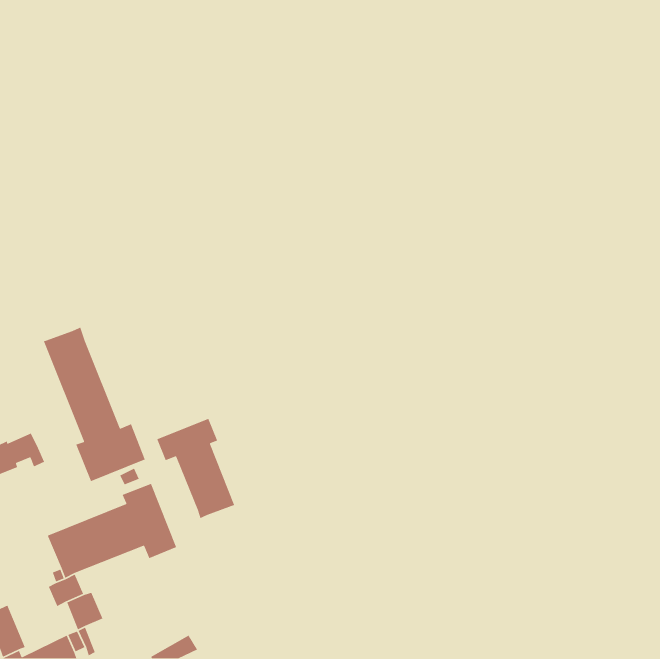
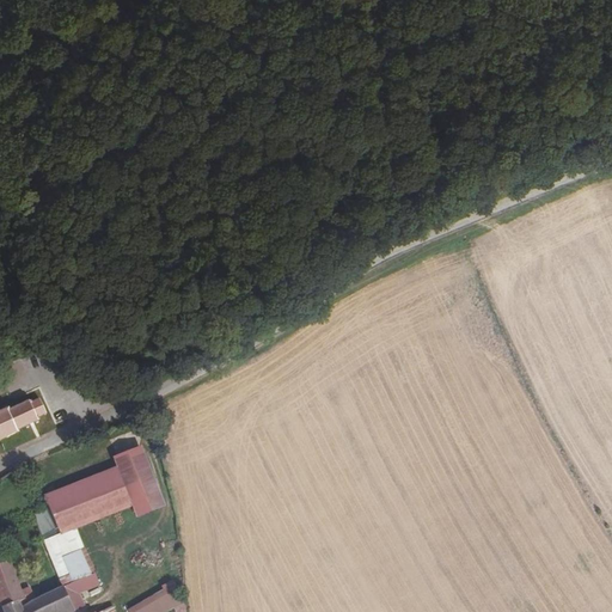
building: [43,327,146,482] -> none
building: [156,418,236,519] -> none

